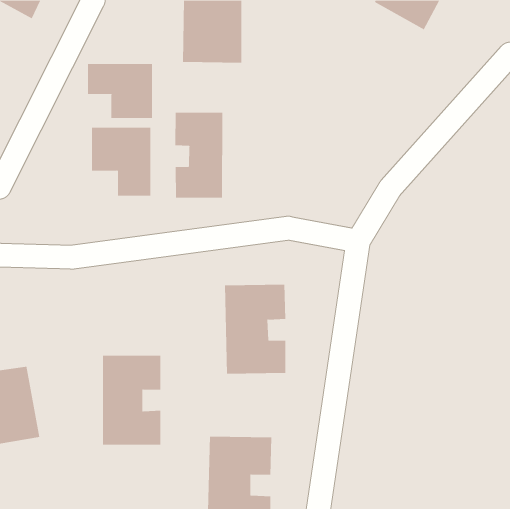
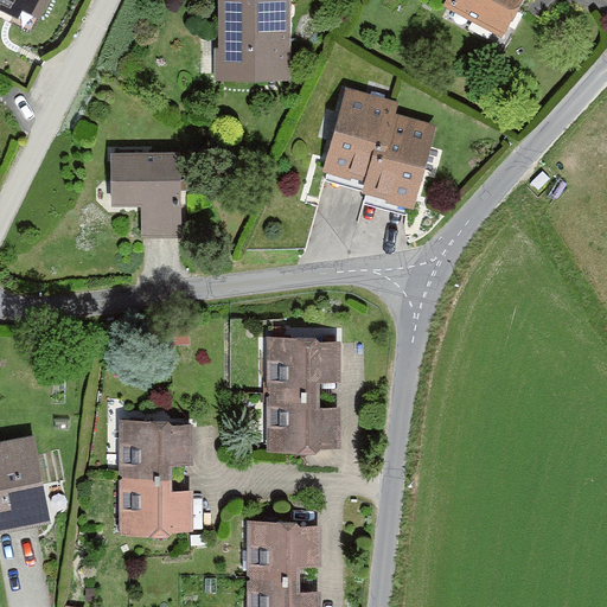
building: [87,63,153,119] -> none
building: none -> [322,88,435,206]
building: [175,112,223,198] -> none

